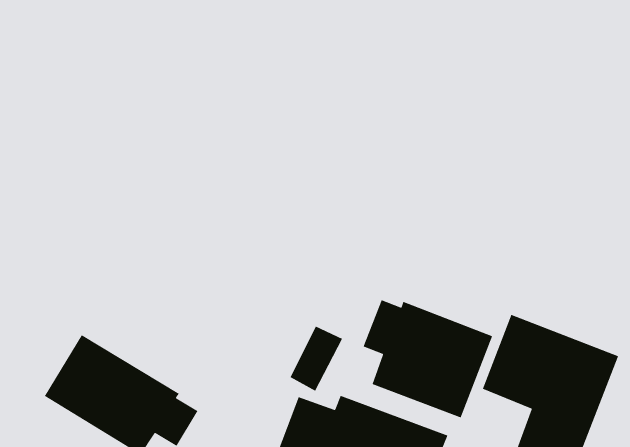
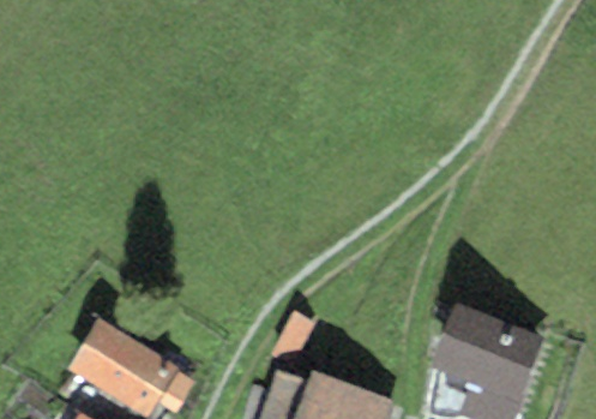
building: [362,299,493,418] -> none

